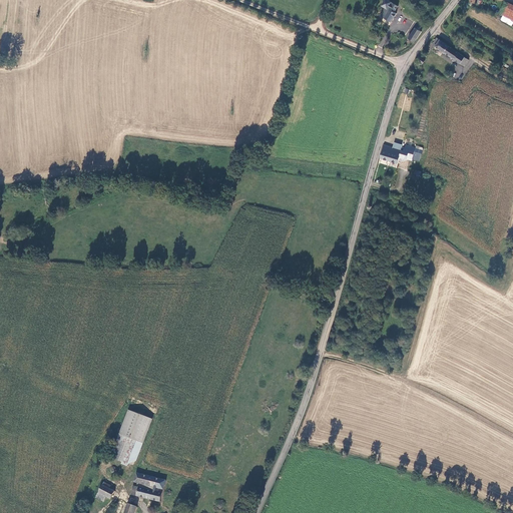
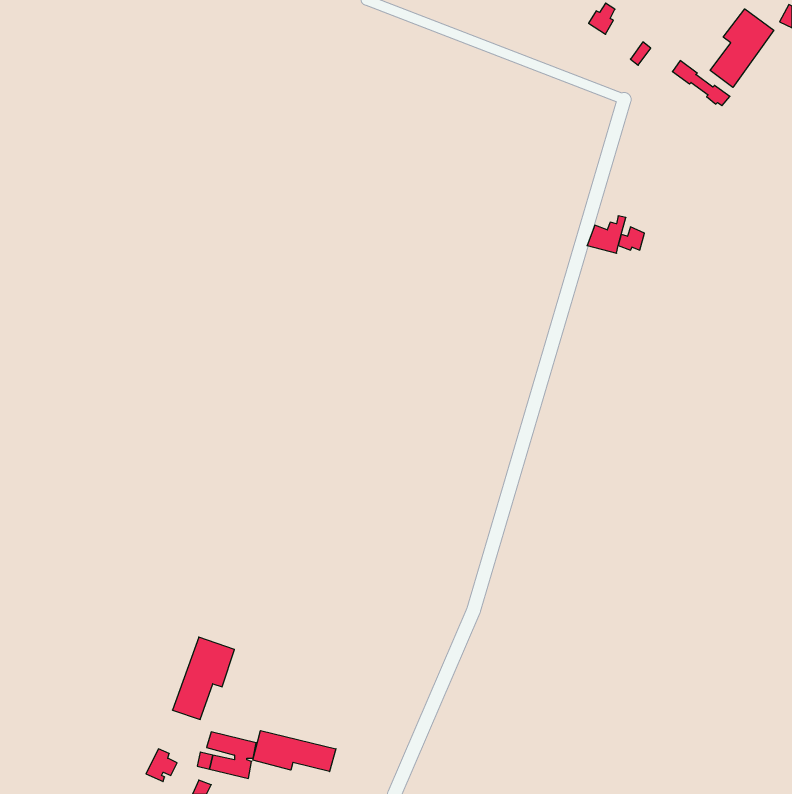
building: none -> [710,9,774,87]
building: none -> [253,731,336,772]

